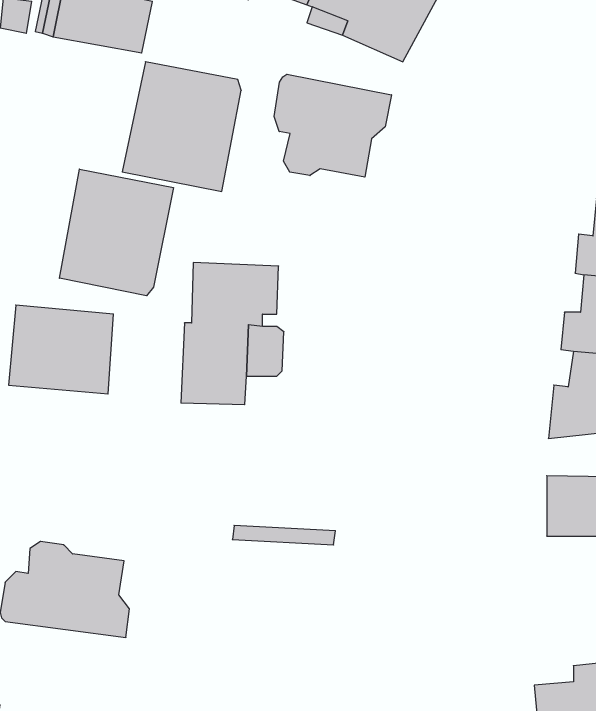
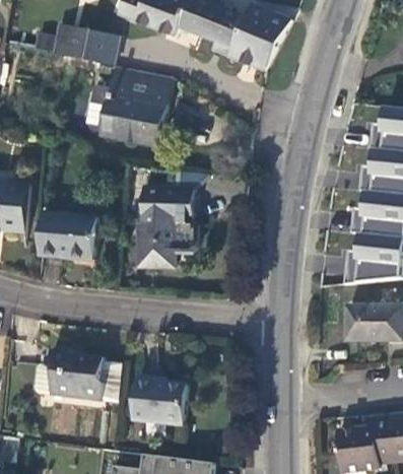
building: [274,74,391,177] -> none
building: [59,169,173,296] -> none
building: none -> [132,373,188,422]

